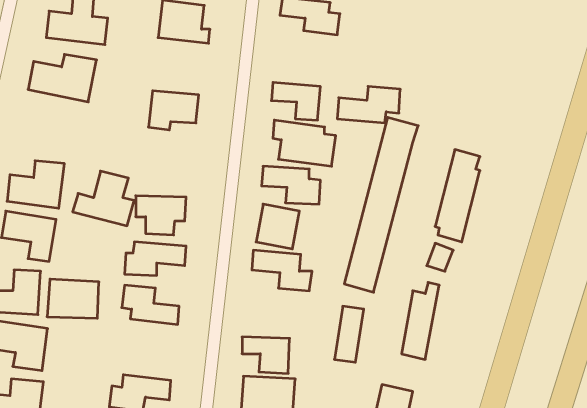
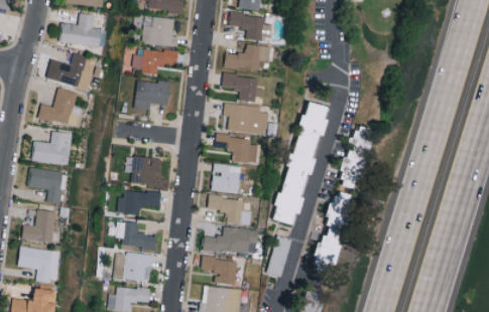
building: none -> [132,47,177,74]
building: [337,86,400,123] -> [225,44,270,70]
building: [73,171,134,226] -> [38,88,83,127]
building: [47,279,99,318] -> [112,252,149,280]
building: none -> [204,226,258,254]

